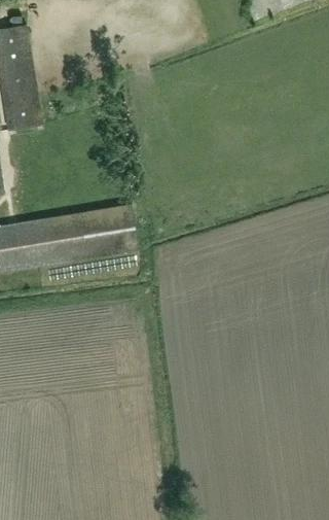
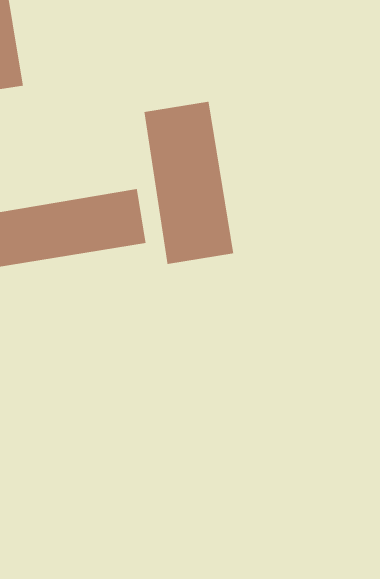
building: none -> [143,101,234,265]

